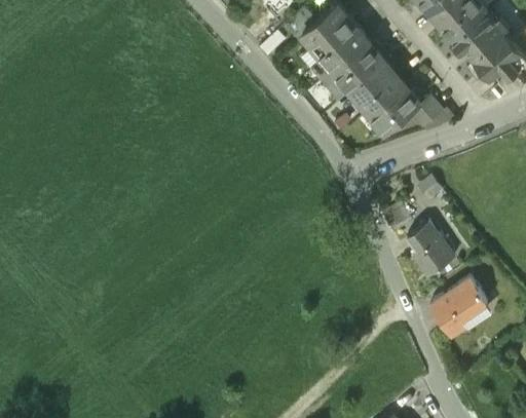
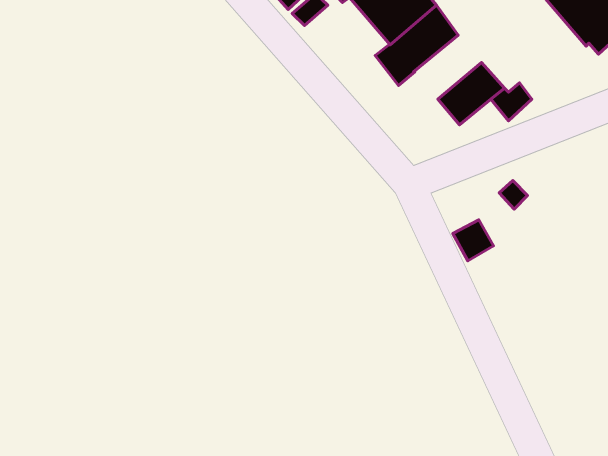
building: [350,65,402,113] -> none
building: [408,222,453,275] -> none
building: [431,277,487,334] -> none

